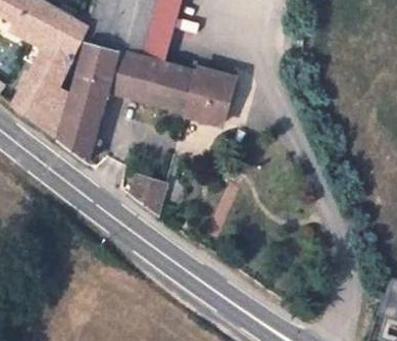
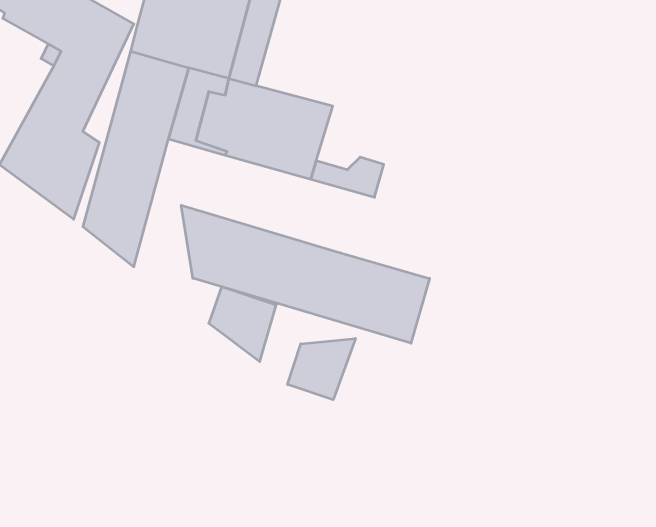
building: [190,68,235,107] -> none
building: none -> [181,205,430,343]
building: none -> [288,338,355,400]

